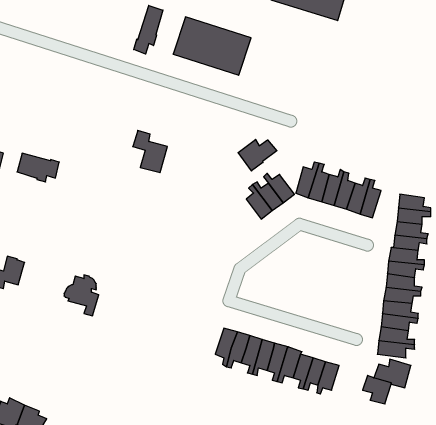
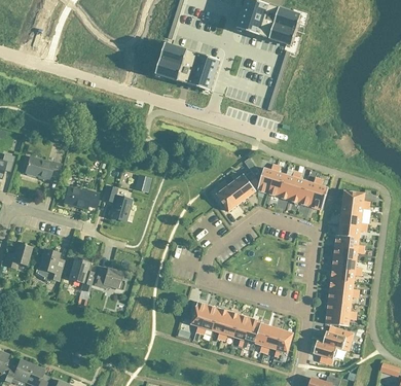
building: [134,5,163,54] -> none
building: [133,130,167,173] -> [103,185,132,220]
building: [238,139,277,171] -> none
building: none -> [64,186,100,209]
building: none -> [35,249,65,281]
building: none -> [95,268,124,290]

